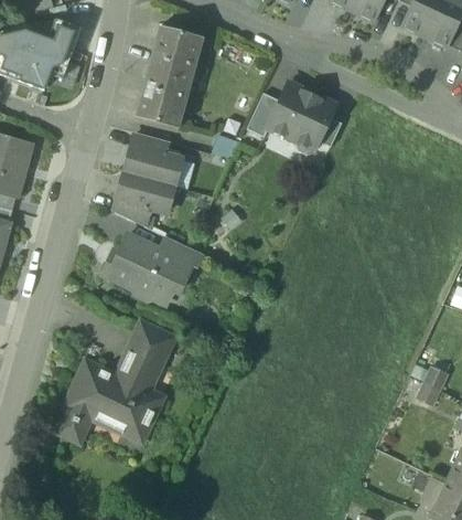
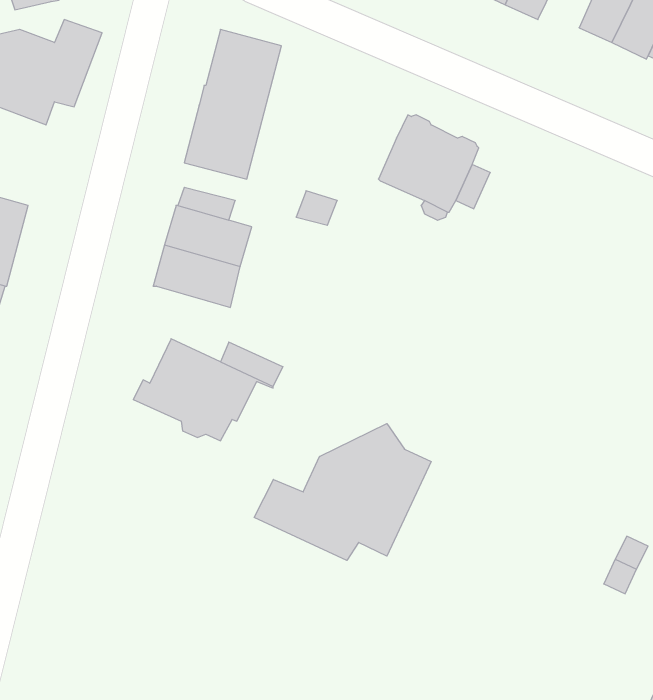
building: [246,93,279,137] -> none
building: [115,199,152,227] -> none
building: none -> [254,424,431,560]
building: [57,322,173,441] -> none

